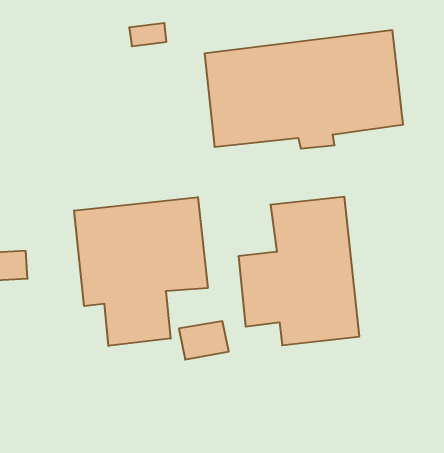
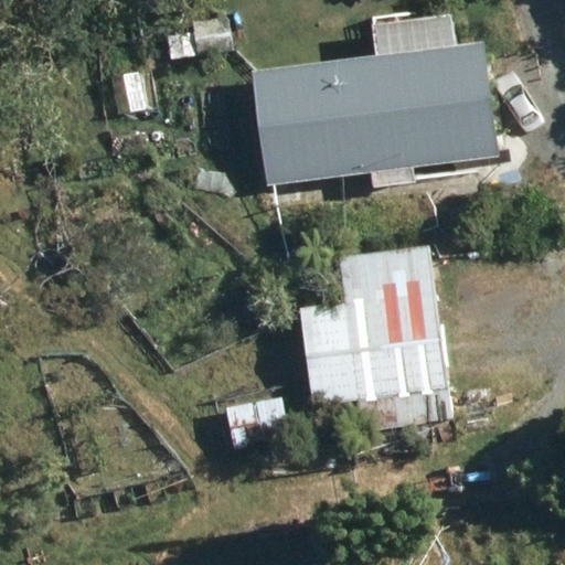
building: [74,197,208,346] -> none

